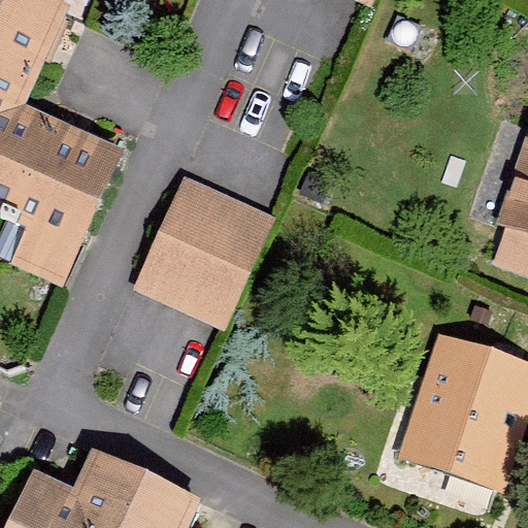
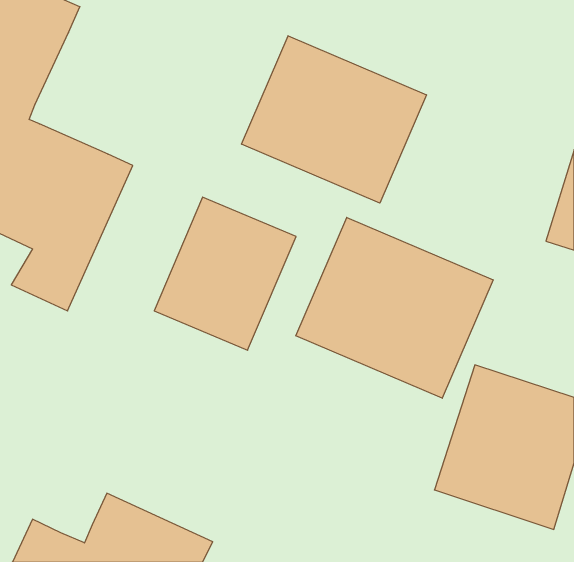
building: none -> [242,36,426,203]
building: none -> [296,217,493,398]

